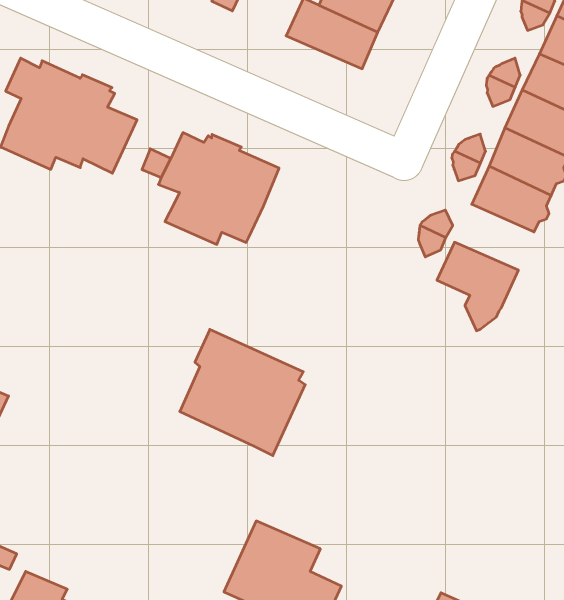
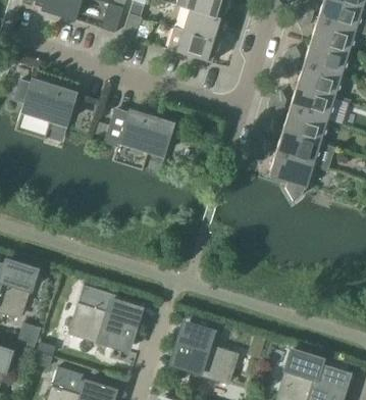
building: none -> [275,130,319,163]
building: [180,329,305,456] -> [72,284,141,350]

